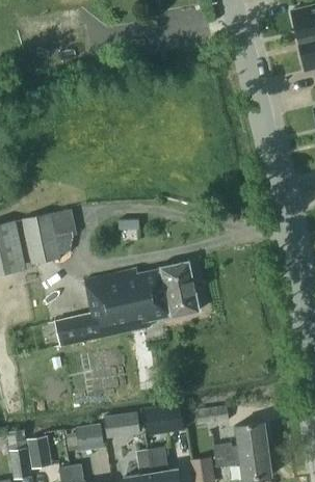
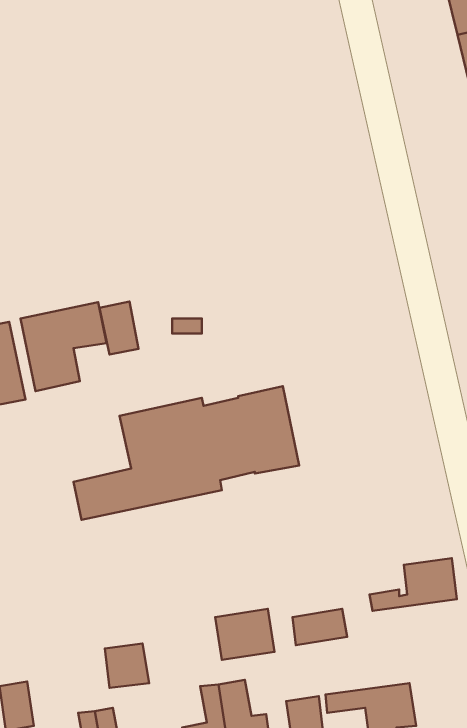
building: none -> [100,301,138,355]
building: [103,411,139,439] -> none
building: [213,423,268,456] -> [369,558,457,611]
building: [27,436,52,468] -> none

